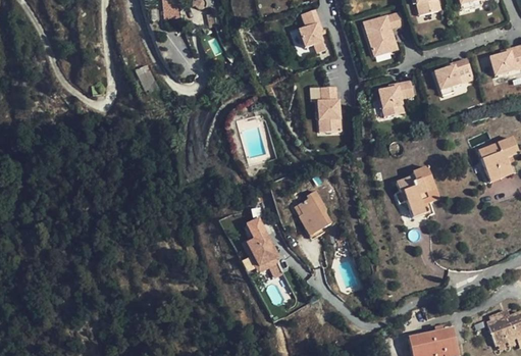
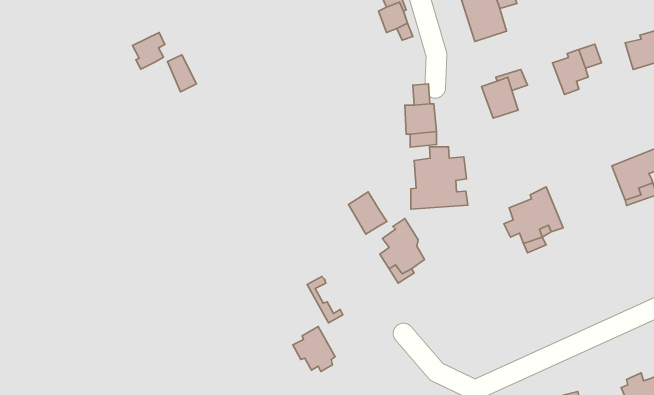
building: none -> [132,33,165,69]
building: none -> [411,147,468,209]
building: none -> [349,192,387,234]
building: [250,231,282,265] -> [293,326,335,371]

